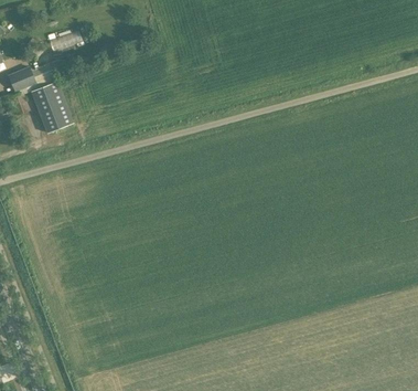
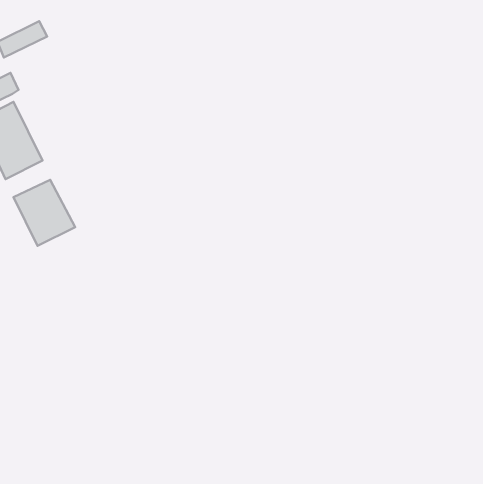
building: none -> [13,180,75,246]

